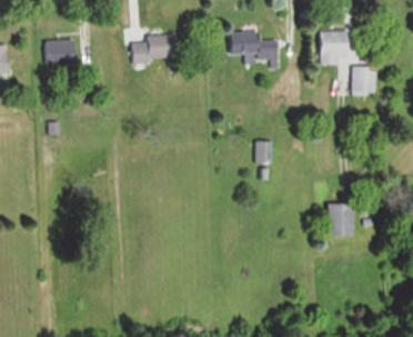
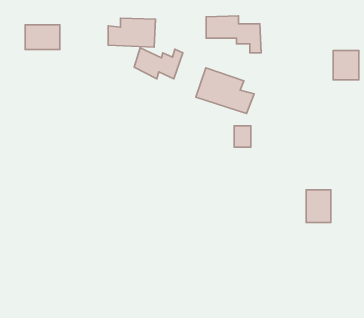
building: [316,31,349,65] -> none
building: none -> [134,48,183,79]
building: none -> [196,68,254,114]

